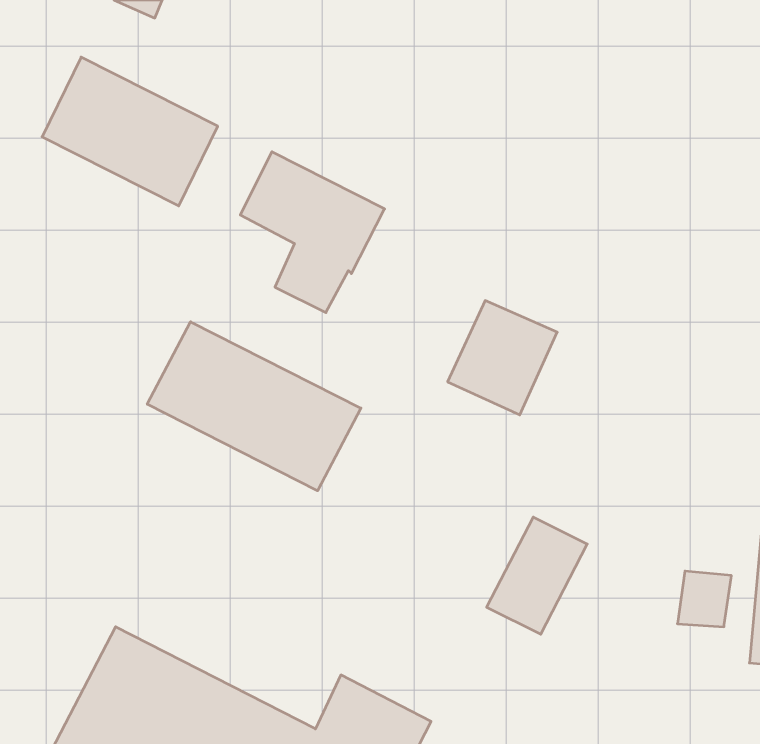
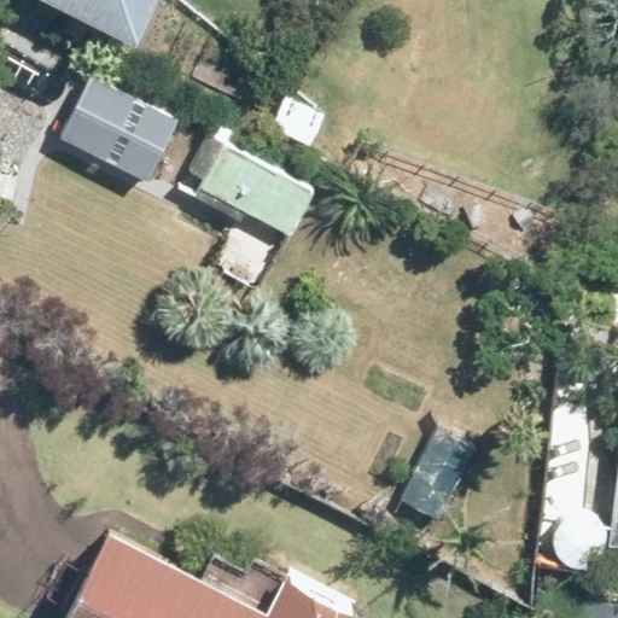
building: [147,322,361,491] -> none

